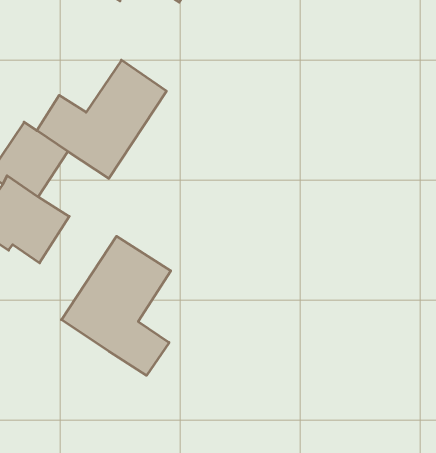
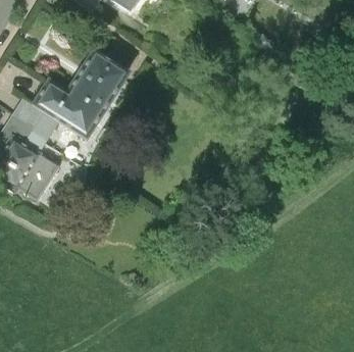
building: [61,236,171,375] -> none

